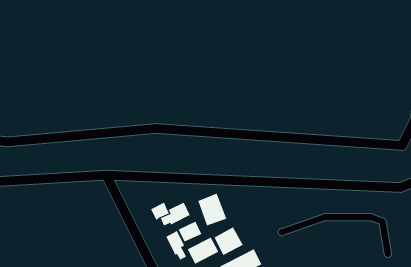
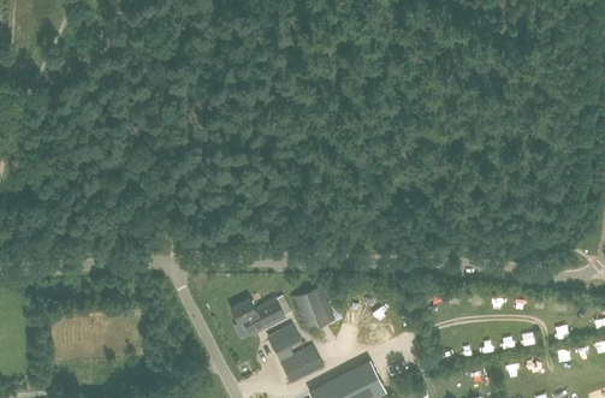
building: [214,227,244,256] -> none
building: [166,230,187,261] -> none

